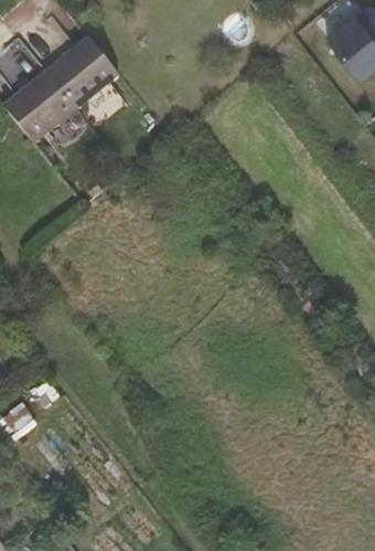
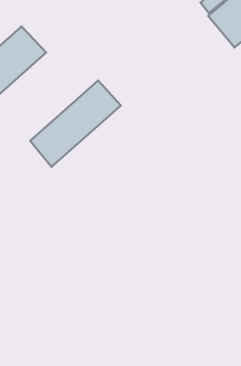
building: none -> [30,80,121,167]

